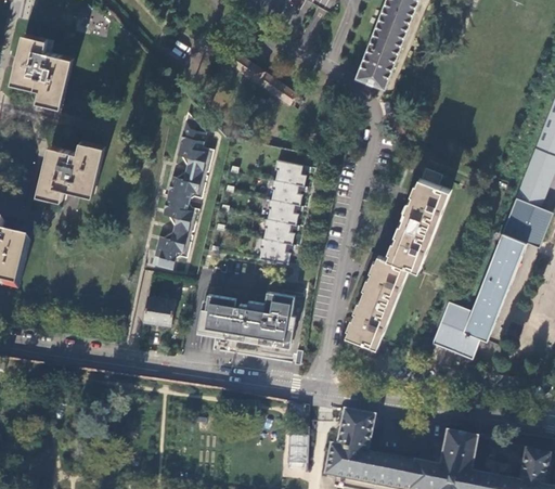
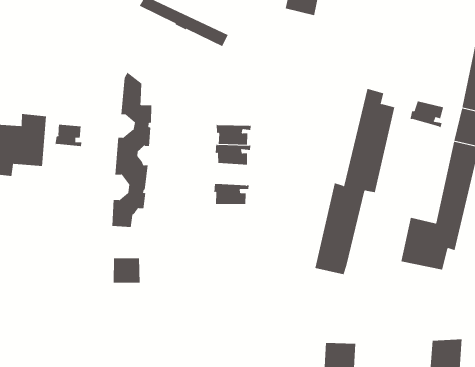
building: none -> [55,124,82,147]
building: [273,159,310,185] -> none
building: none -> [410,101,444,128]
building: [262,218,298,244] -> none
building: [203,292,296,344] -> none

